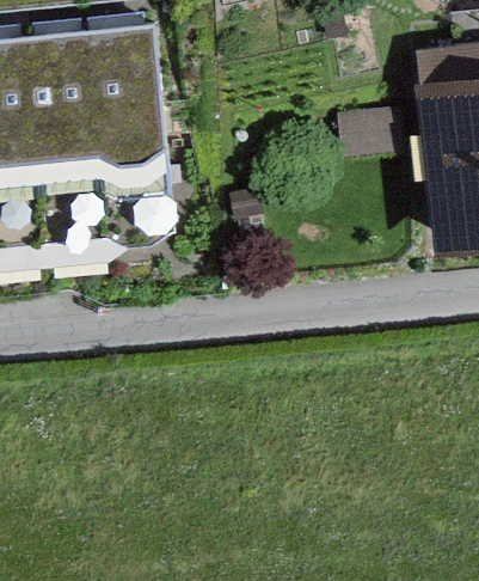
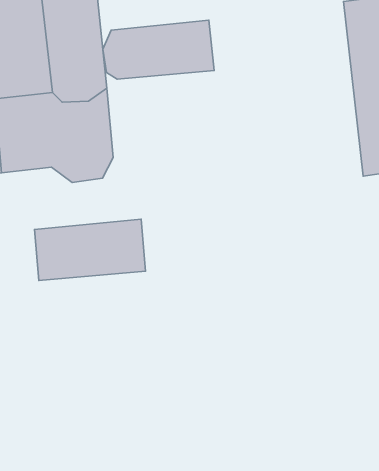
building: none -> [103,20,214,79]
building: none -> [35,219,146,281]

